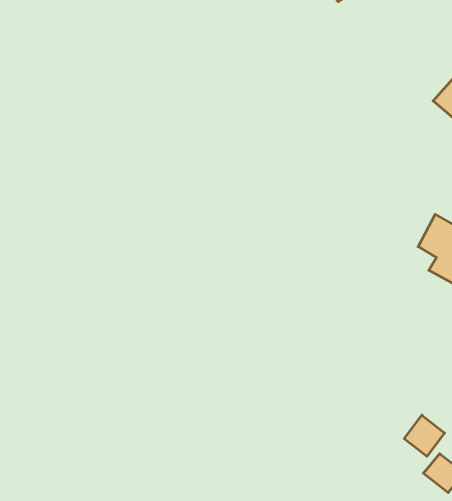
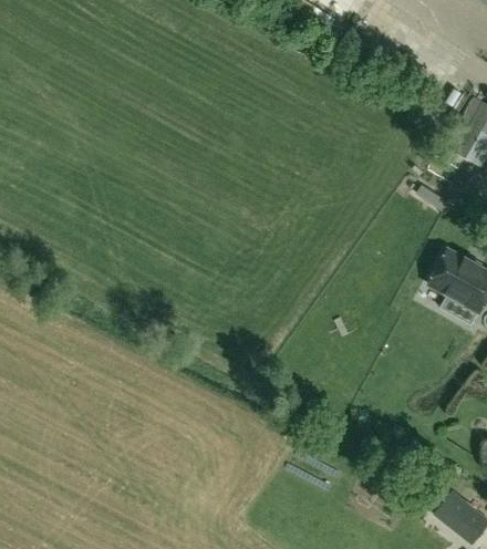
building: [404,415,445,456] -> none

